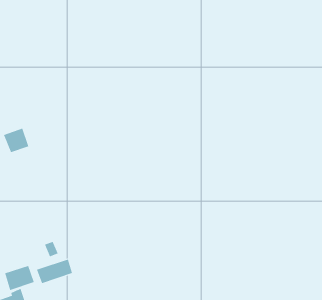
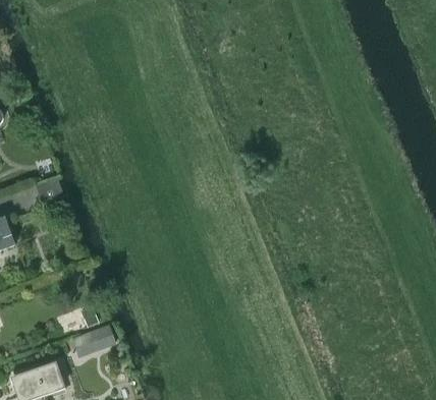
building: [4,265,34,291] -> none

